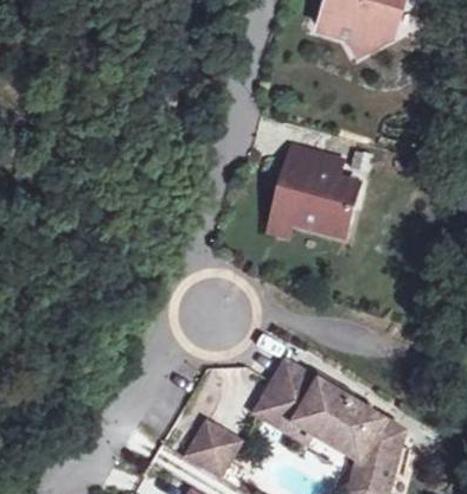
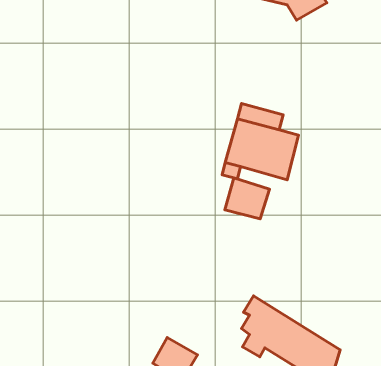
building: none -> [225,178,270,219]
building: [258,363,306,432] -> none

